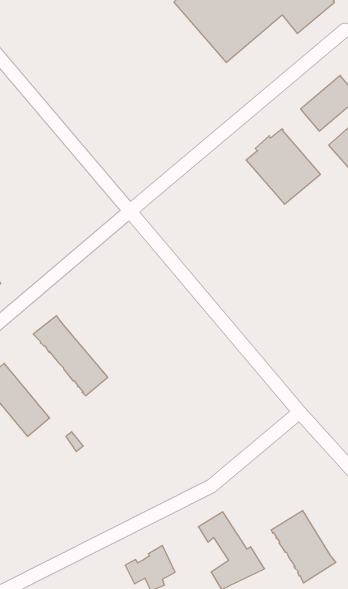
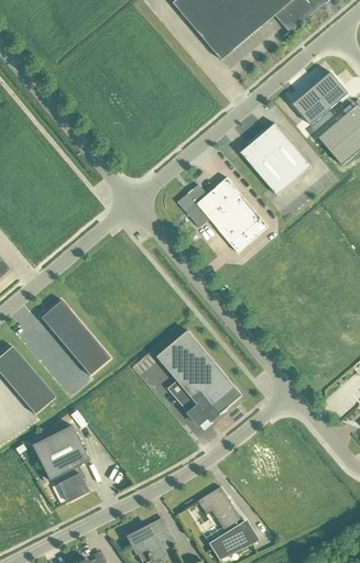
building: none -> [176,176,268,252]
building: none -> [156,329,242,427]
building: none -> [30,423,88,500]
building: [271,510,336,583] -> none

